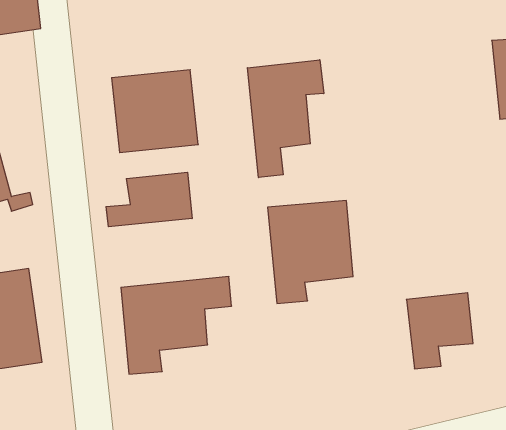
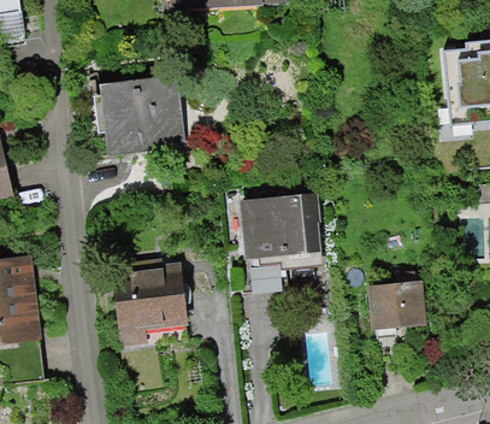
building: [247,60,324,178] -> none
building: [106,172,192,227] -> none

